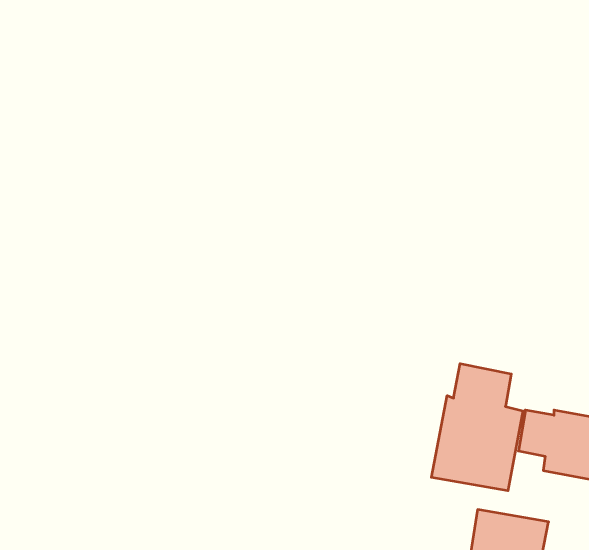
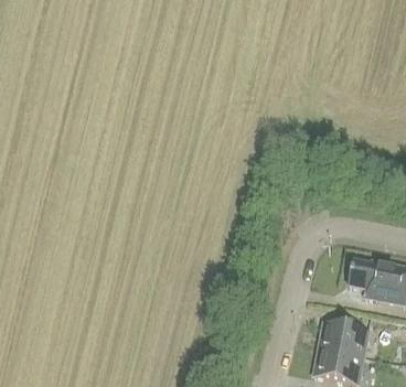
building: [431,364,523,491] -> none

